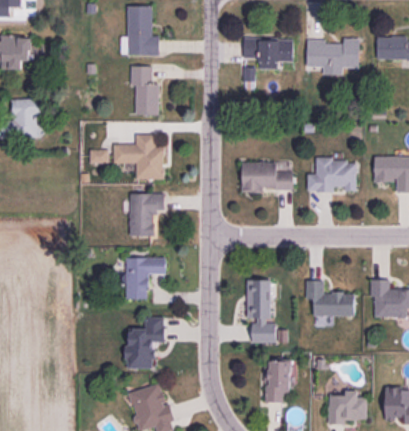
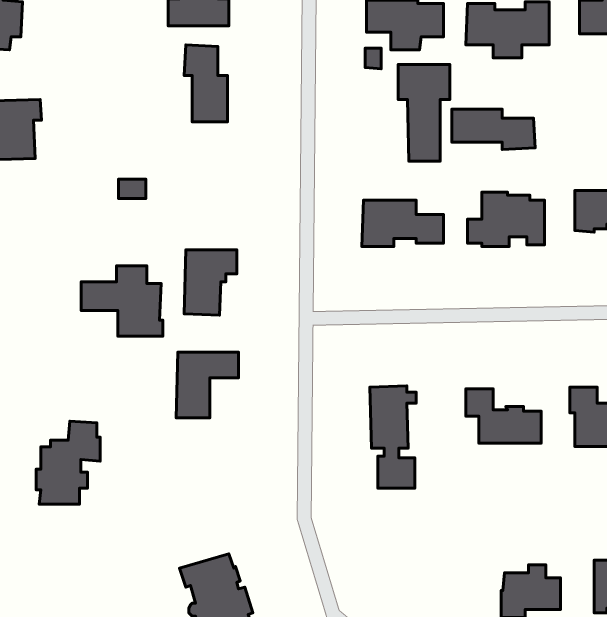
building: none -> [398,64,450,161]
building: none -> [452,109,535,149]
building: [113,135,164,179] -> [81,266,163,336]
building: [124,317,164,369] -> [36,421,100,504]
building: [263,362,290,403] -> none

